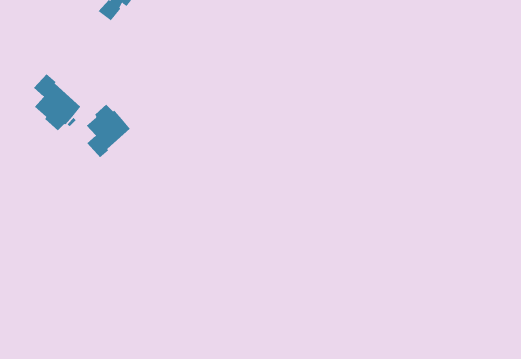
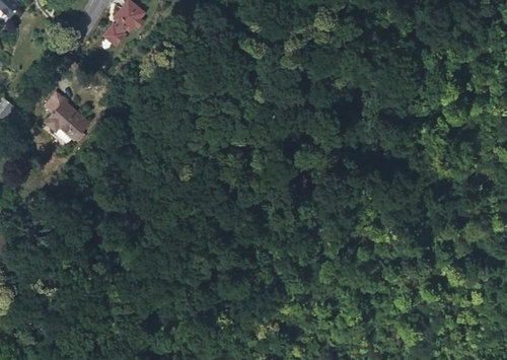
building: [86,104,130,158] -> none

